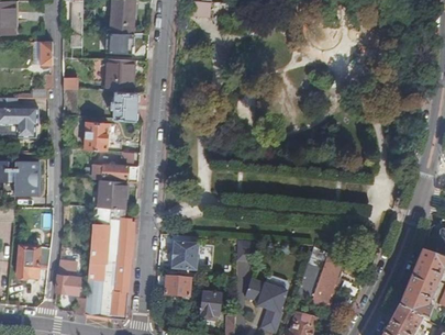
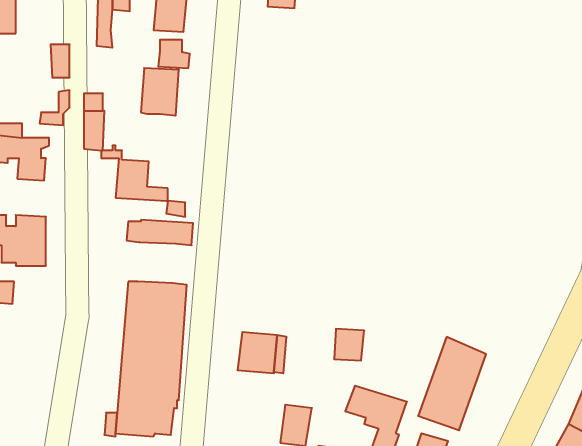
building: [111,90,138,120] -> none
building: [100,179,126,208] -> none
building: [18,244,51,279] -> none
building: [56,261,80,293] -> none
building: [155,273,189,297] -> none

